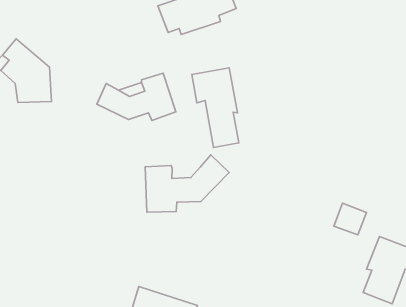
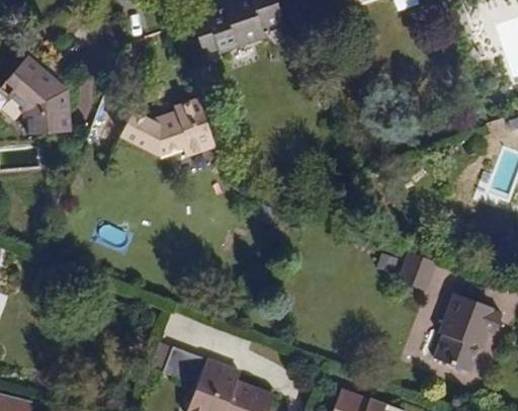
building: [192,68,239,147] -> none
building: [145,155,229,212] -> none

